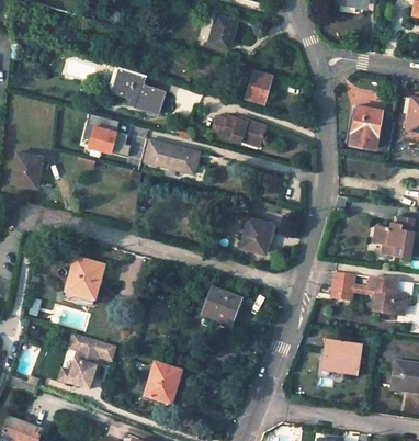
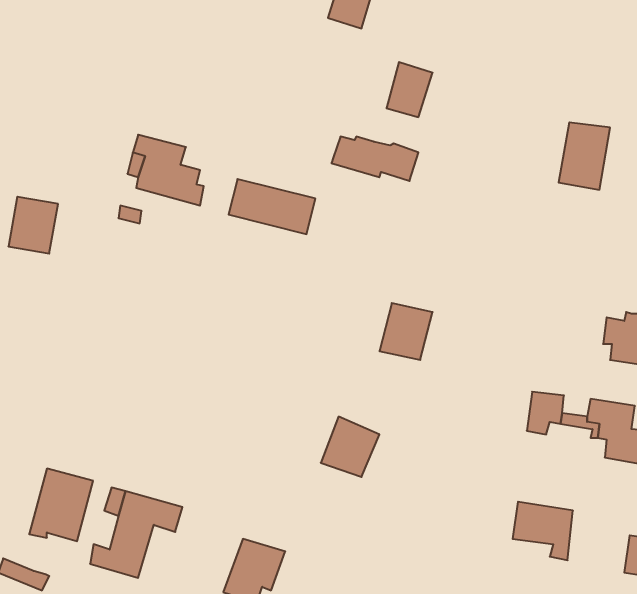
building: [116,69,165,113] -> none
building: [64,259,103,304] -> [29,469,93,541]

